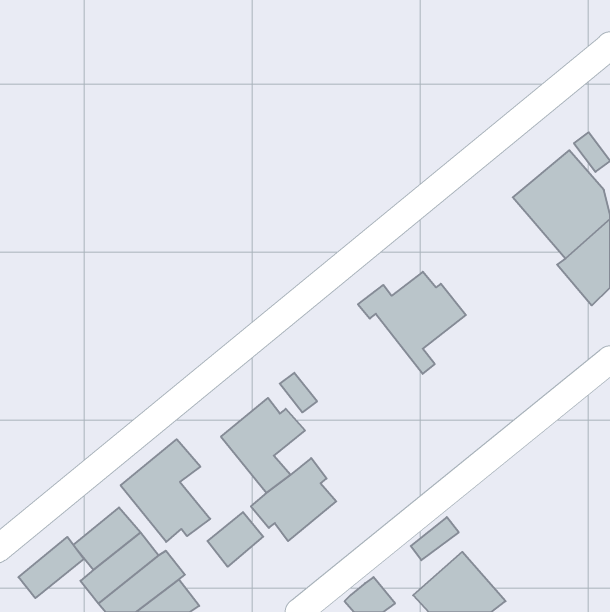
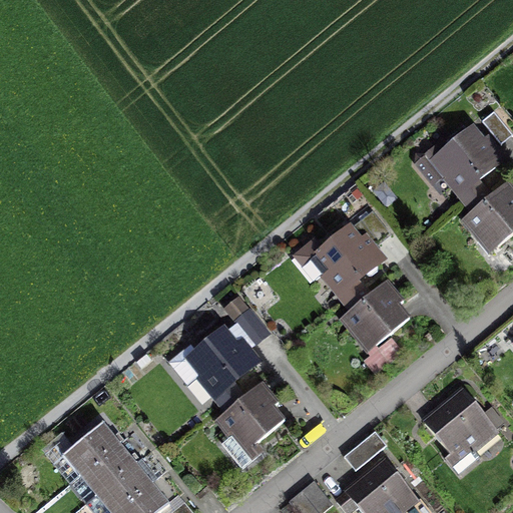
building: none -> [340,282,412,357]
building: [121,439,210,542] -> none
building: none -> [428,388,501,462]
building: [207,512,263,567] -> none
building: [18,537,84,598] -> none

